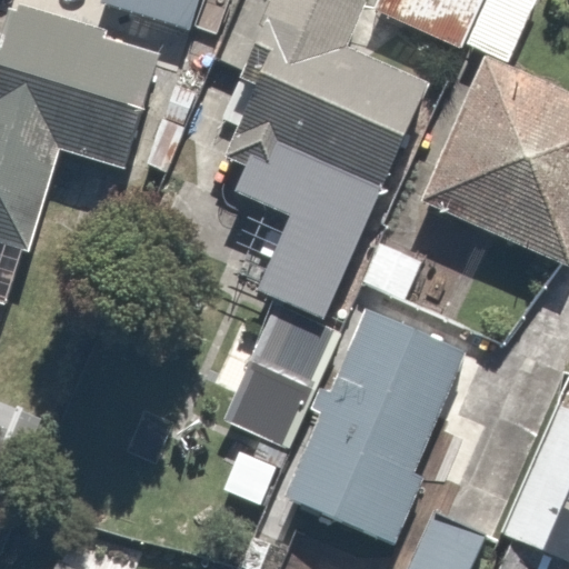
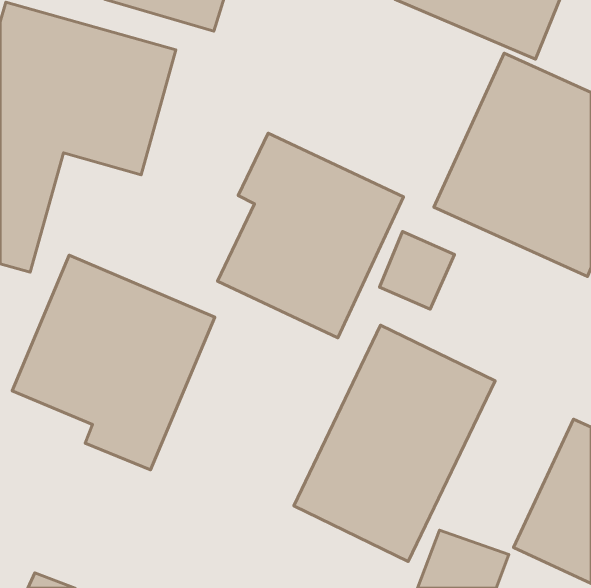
building: [258,30,435,183] -> none
building: none -> [12,255,215,470]
building: [223,309,337,439] -> none

